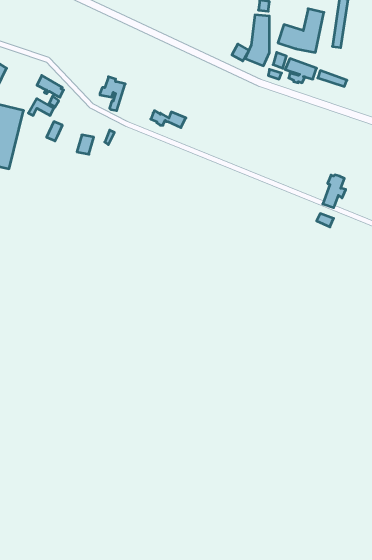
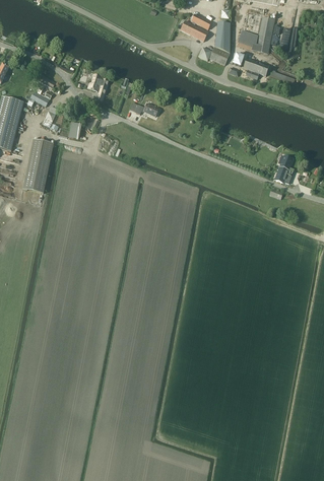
building: none -> [181,13,211,41]
building: none -> [23,138,54,193]

